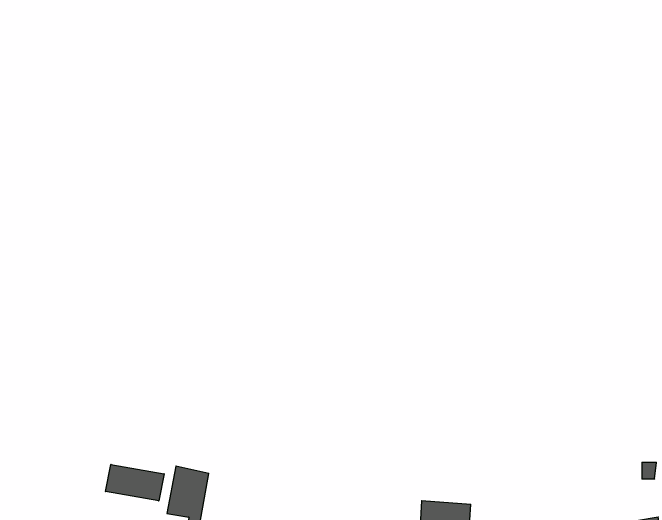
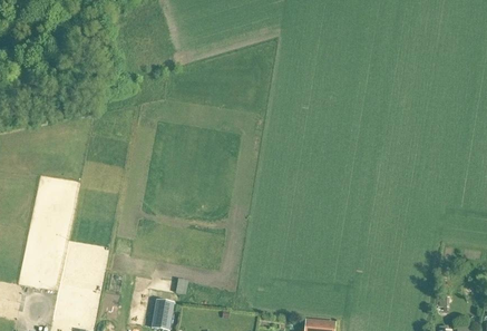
building: [106,464,164,501] -> none

